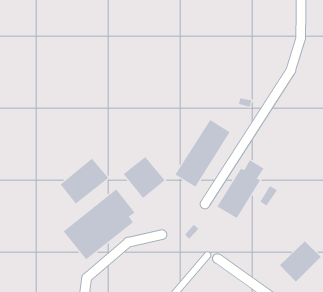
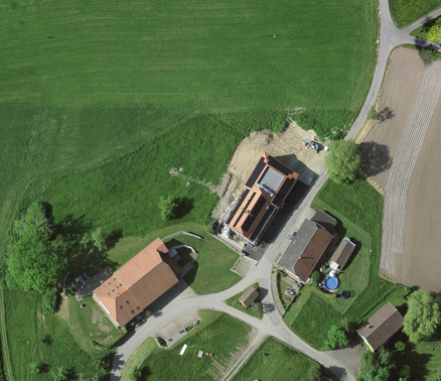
building: [123,156,165,199] -> none
building: [60,158,109,205] -> none

